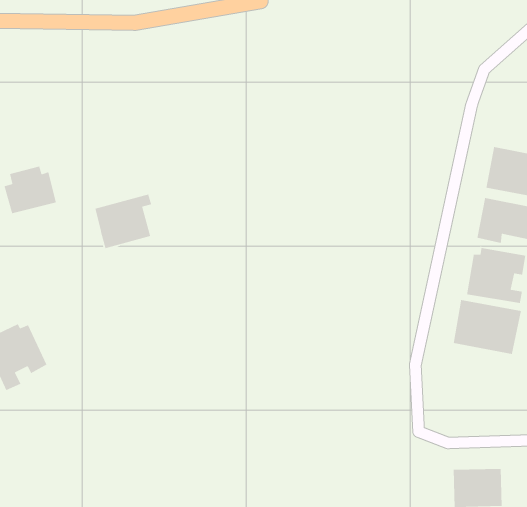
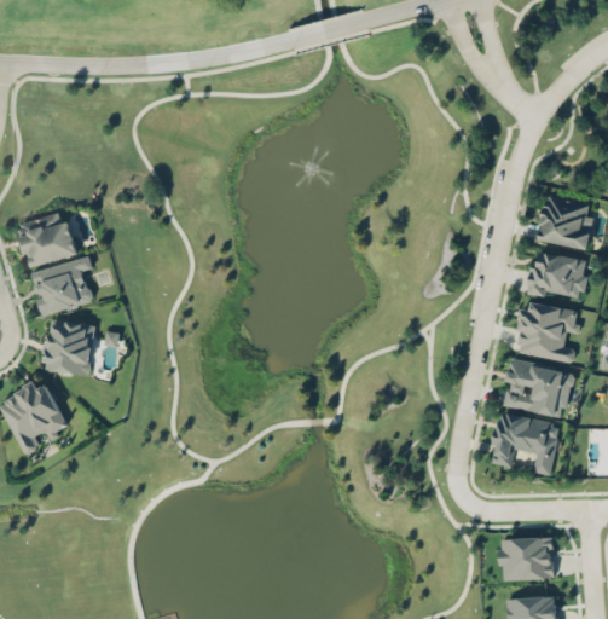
building: [95,194,152,249] -> [31,256,93,316]
building: none -> [44,320,95,375]
building: none -> [491,412,560,475]

